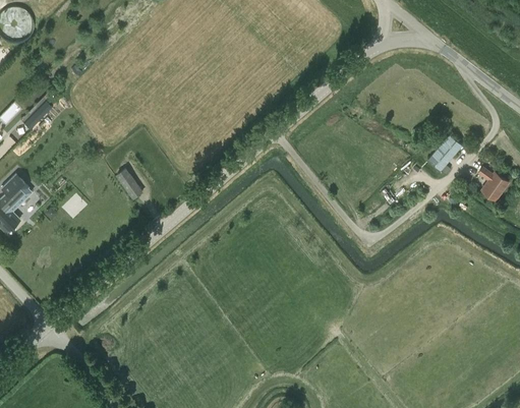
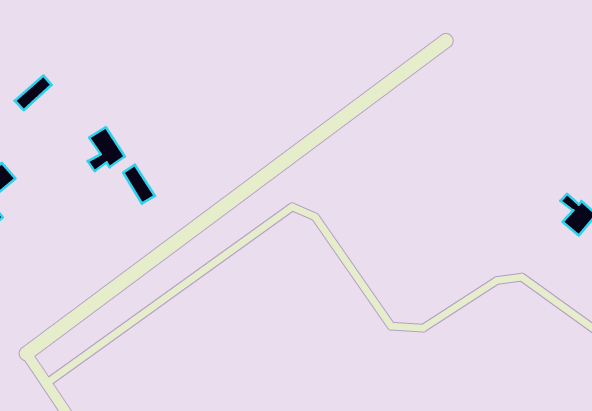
building: [428,134,462,170] -> none
building: none -> [88,127,125,171]

